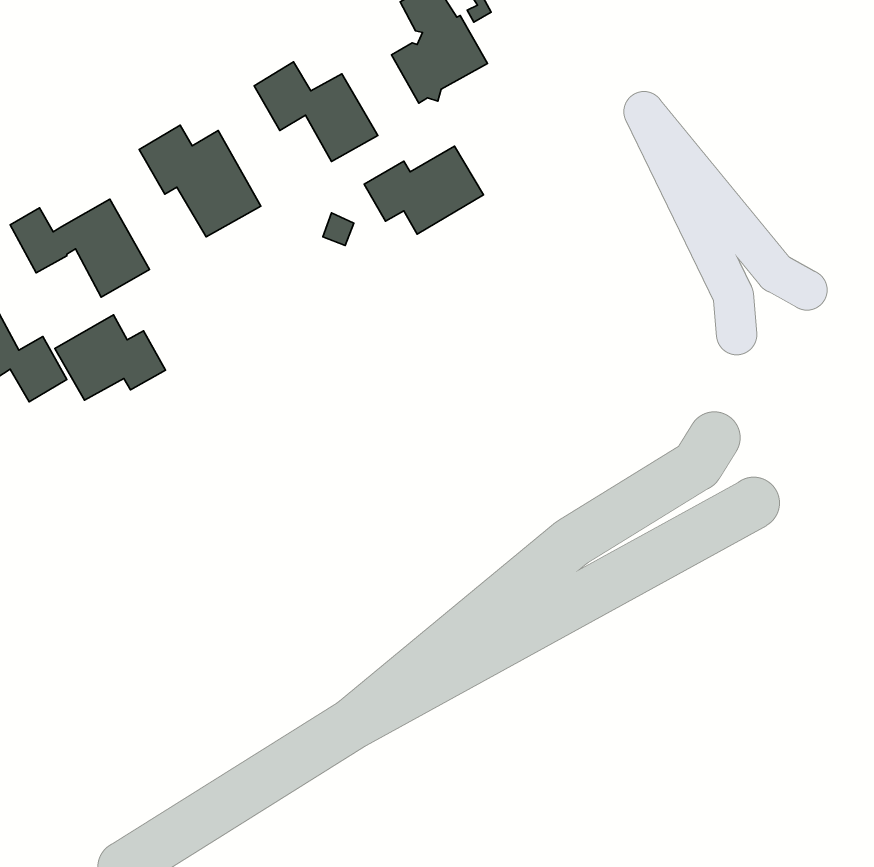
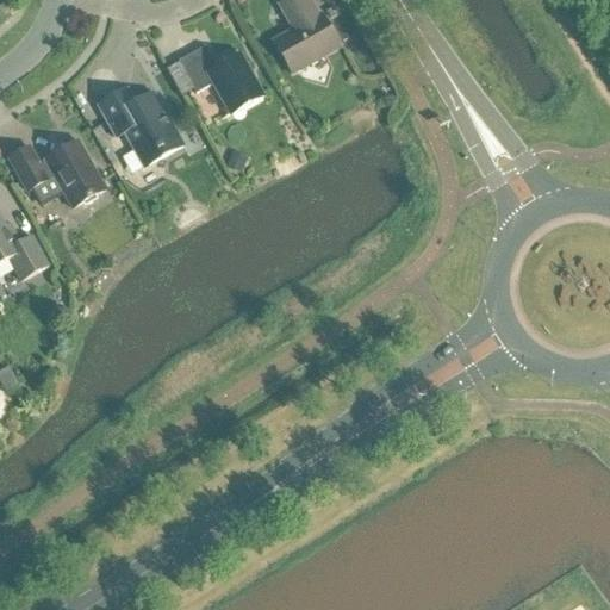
building: [364,146,484,234] -> none
building: [55,315,165,400] -> none

